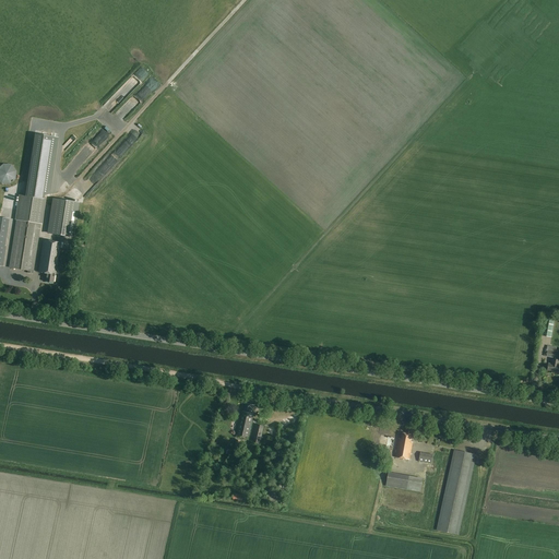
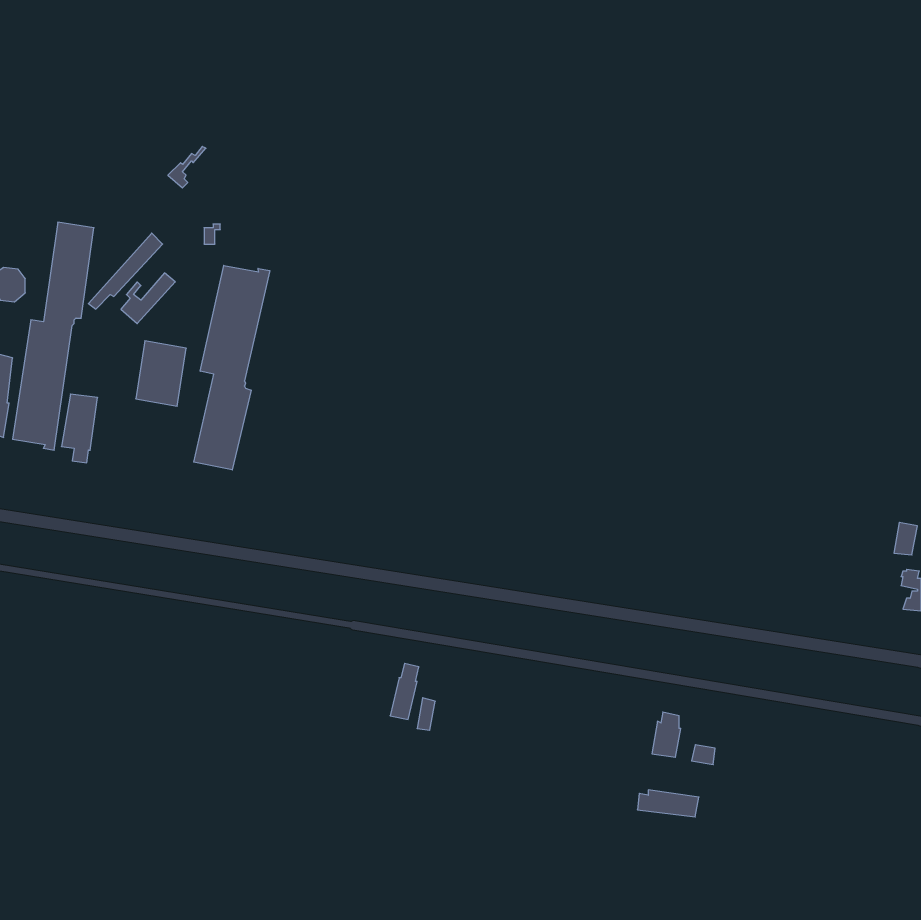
building: none -> [194,265,270,470]
building: [48,197,79,236] -> [136,341,186,406]
building: [436,448,476,533] -> none

